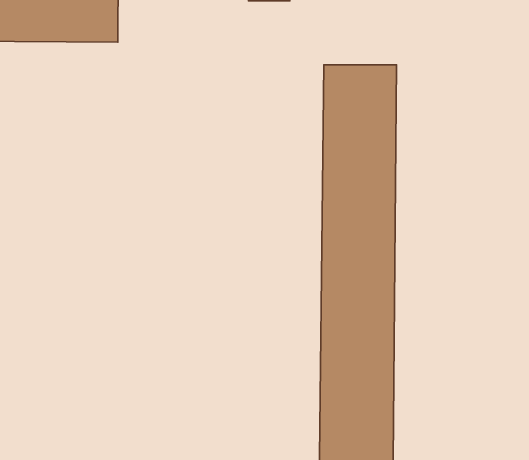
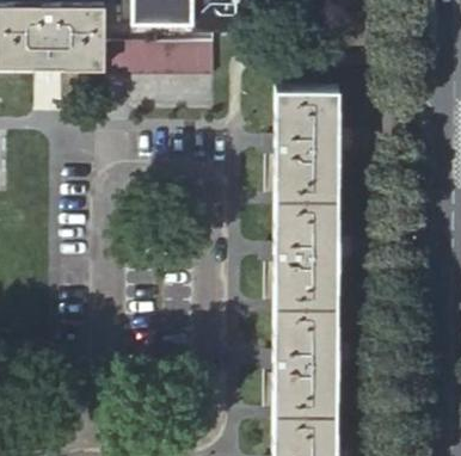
building: none -> [115,43,216,76]

